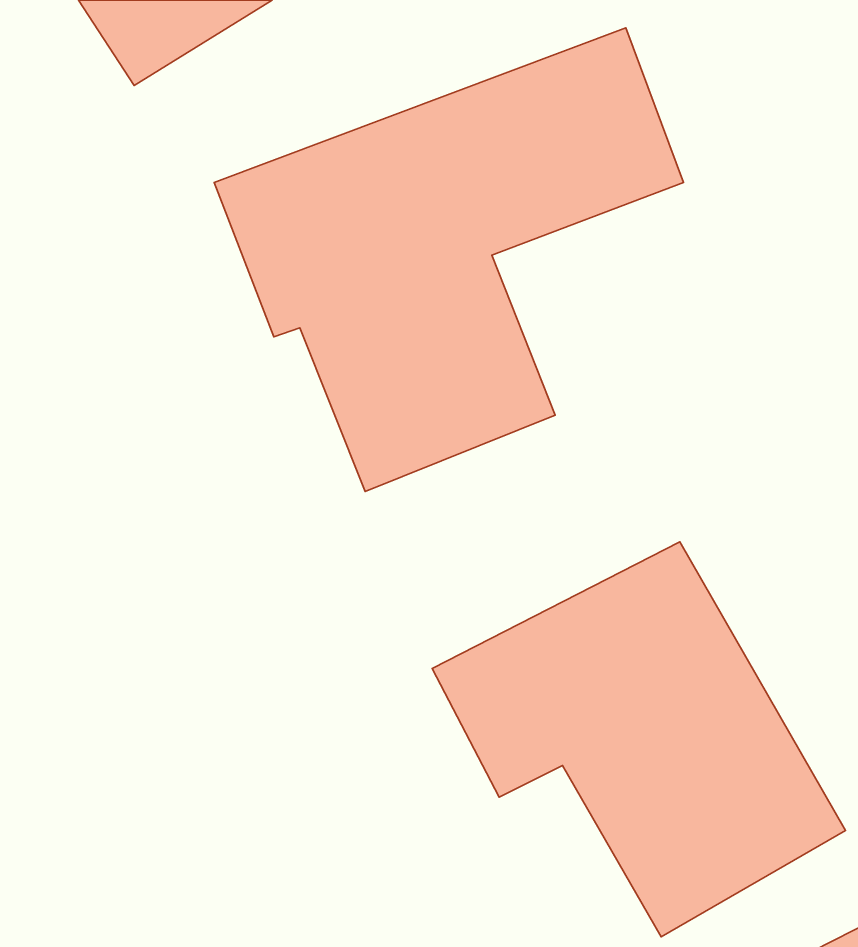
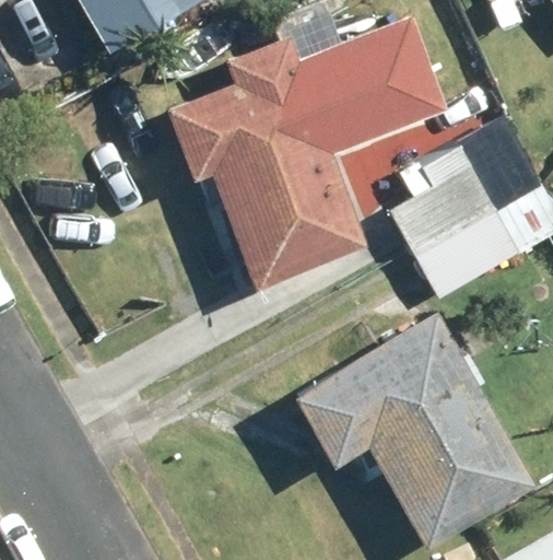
building: none -> [393,167,519,295]

